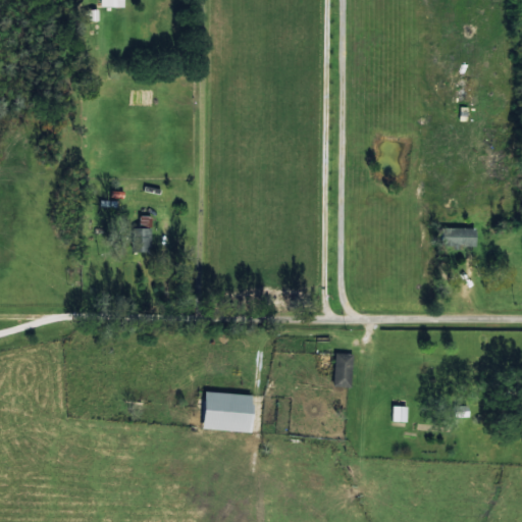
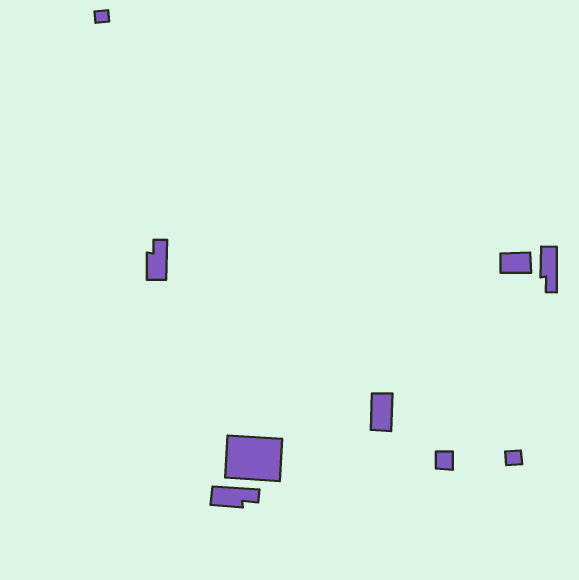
building: none -> [540,246,557,293]
building: none -> [211,487,259,507]

